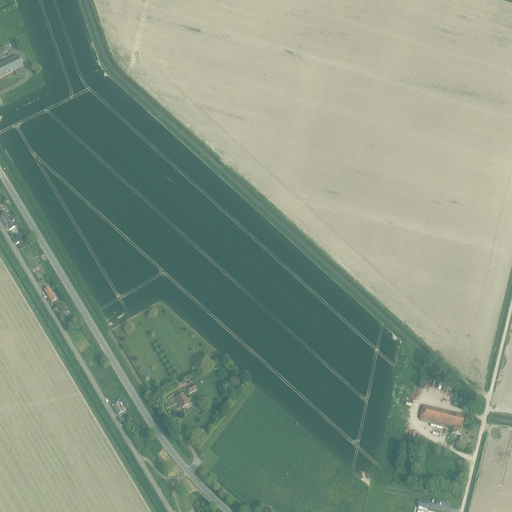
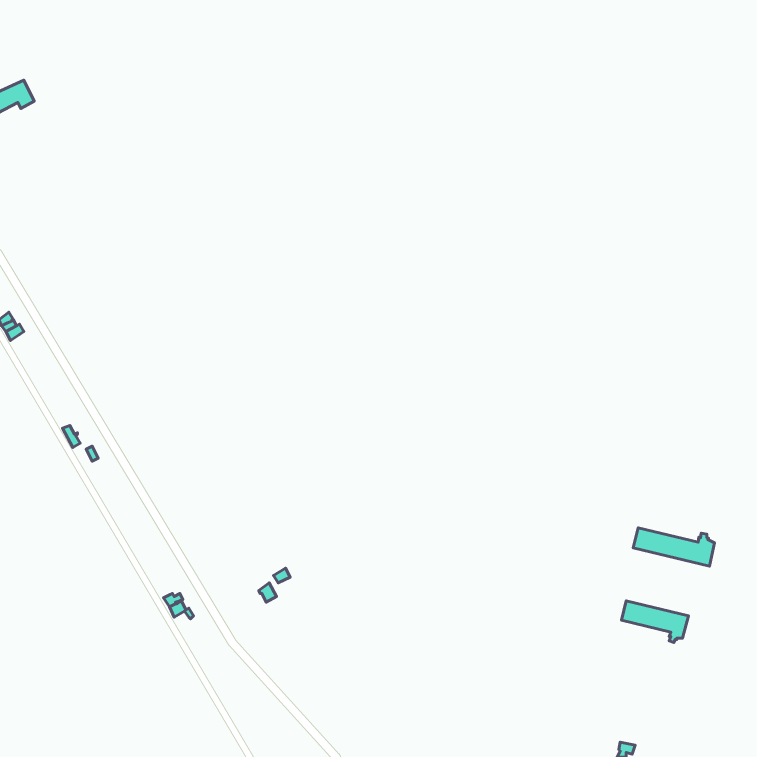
building: none -> [633,528,714,566]

